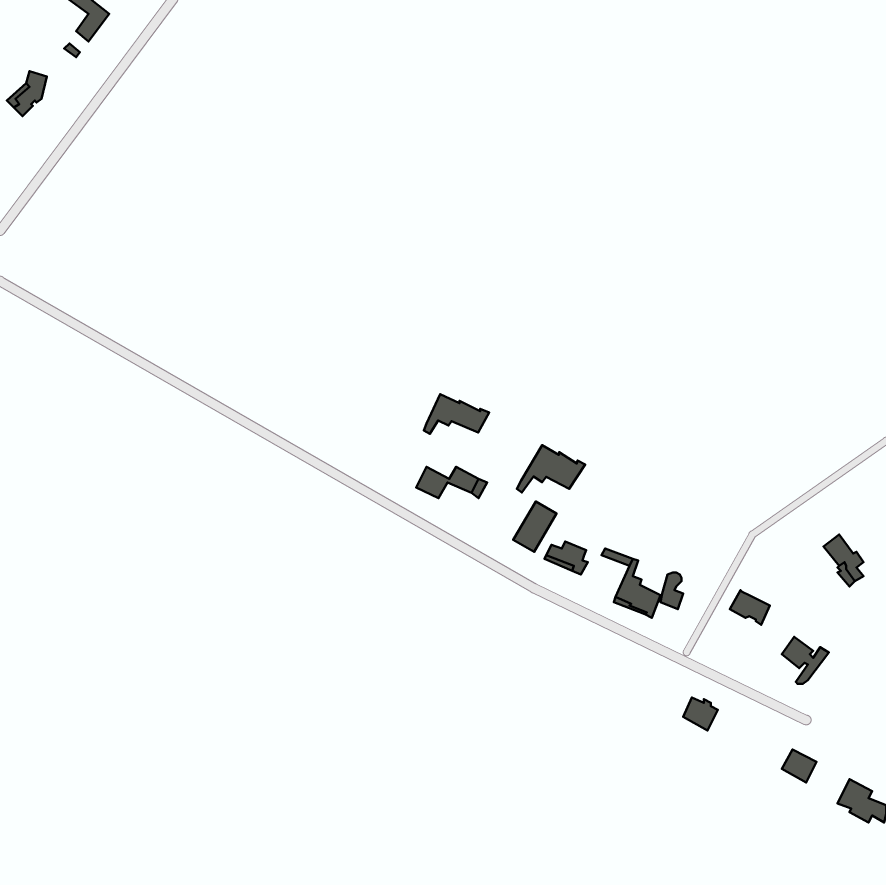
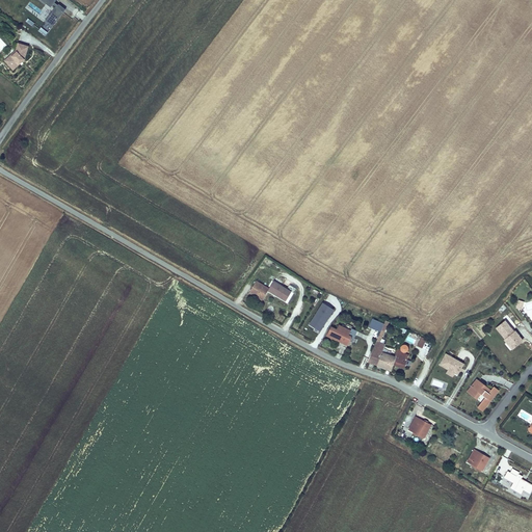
building: [424,394,489,434] -> none
building: [517,445,585,493] -> none

